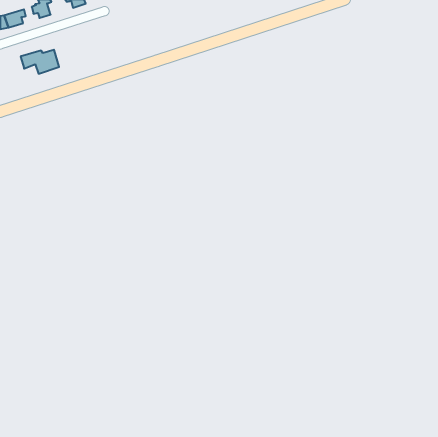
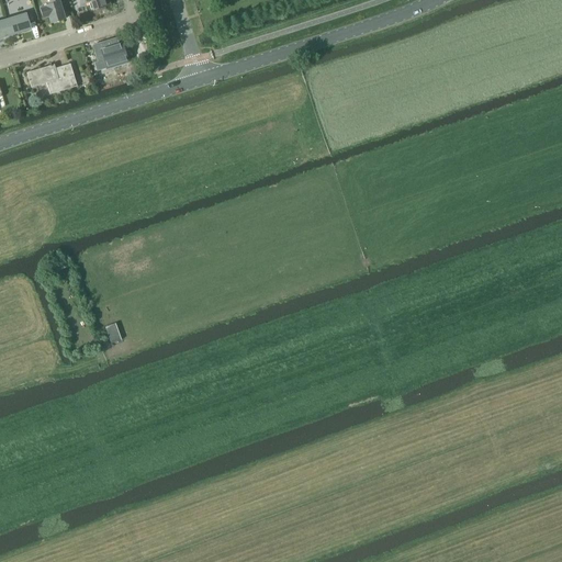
building: none -> [92,38,126,69]

